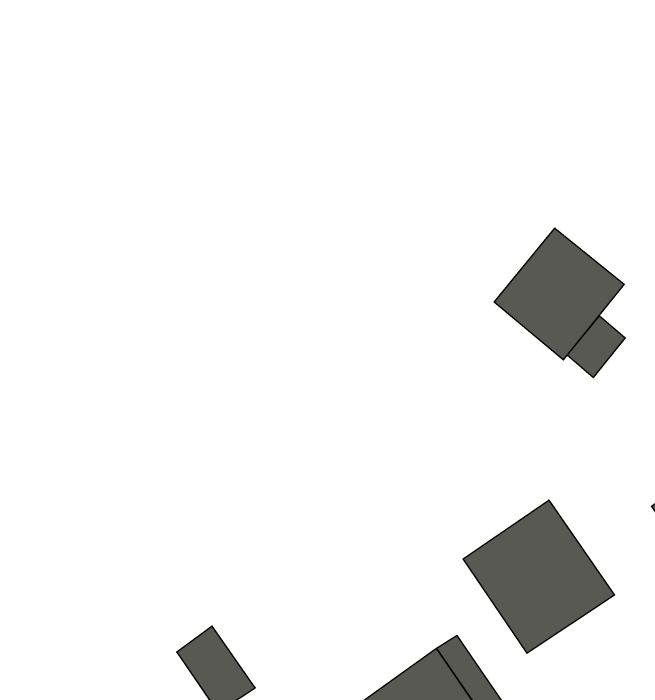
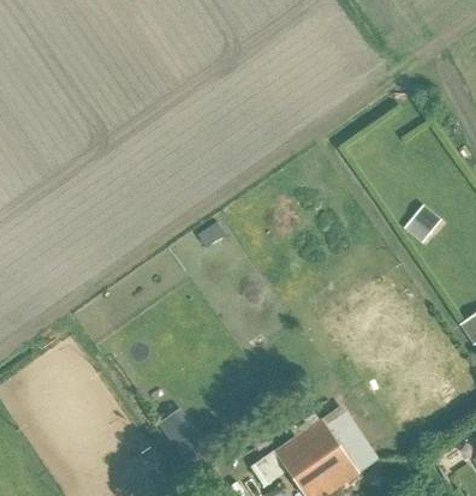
building: [494,228,624,360] -> none
building: [463,500,615,653] -> none

